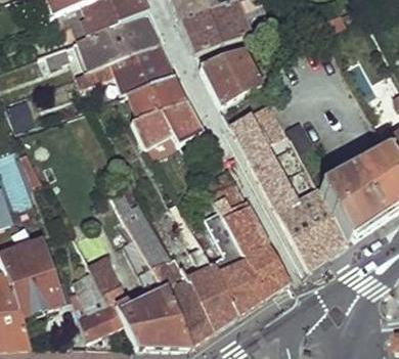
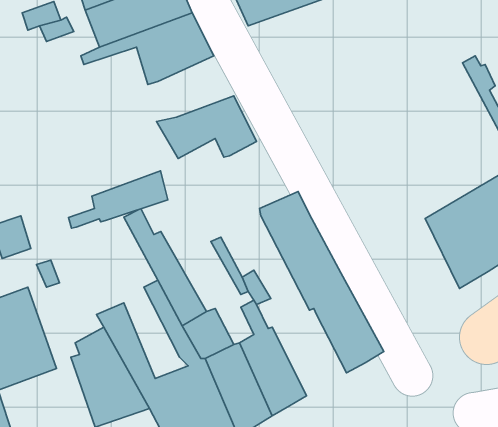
building: [201,48,257,104] -> none
building: [130,73,184,117] -> none
building: [231,110,348,269] -> none
building: none -> [68,171,168,228]
building: [214,258,265,316] -> none

